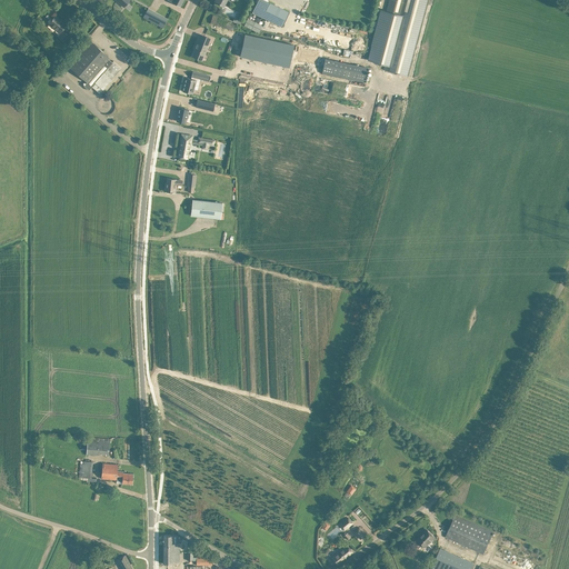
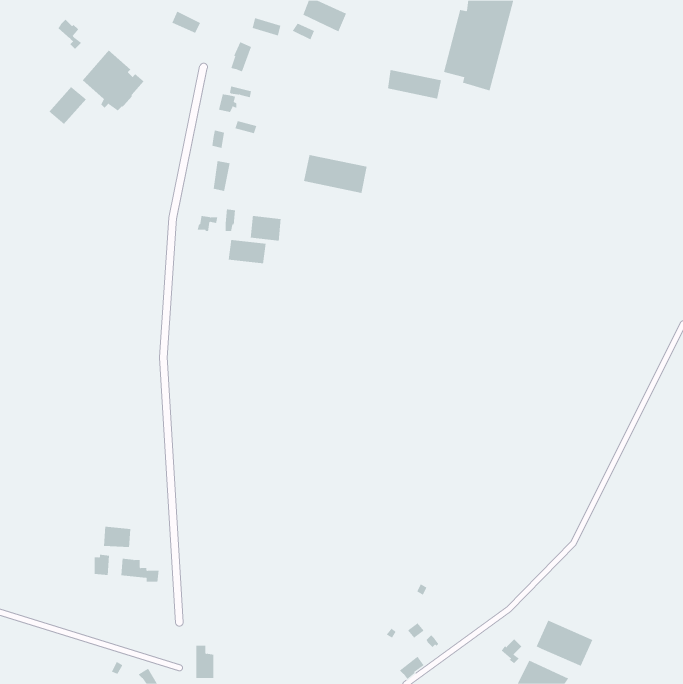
building: [239,34,292,67] -> [303,155,368,193]
building: none -> [49,86,87,125]
building: none -> [250,215,281,242]

